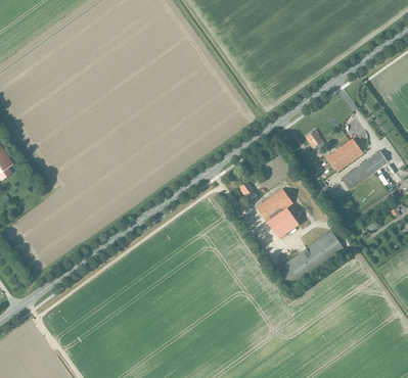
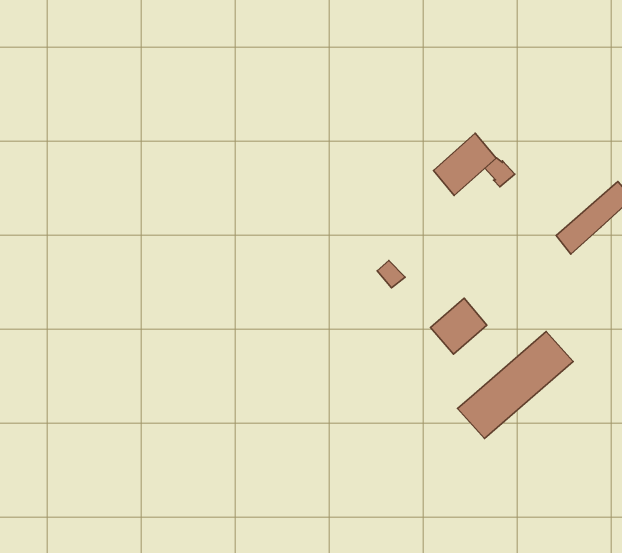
building: [327,137,363,171] -> [433,133,496,196]
building: [257,187,293,221] -> none

